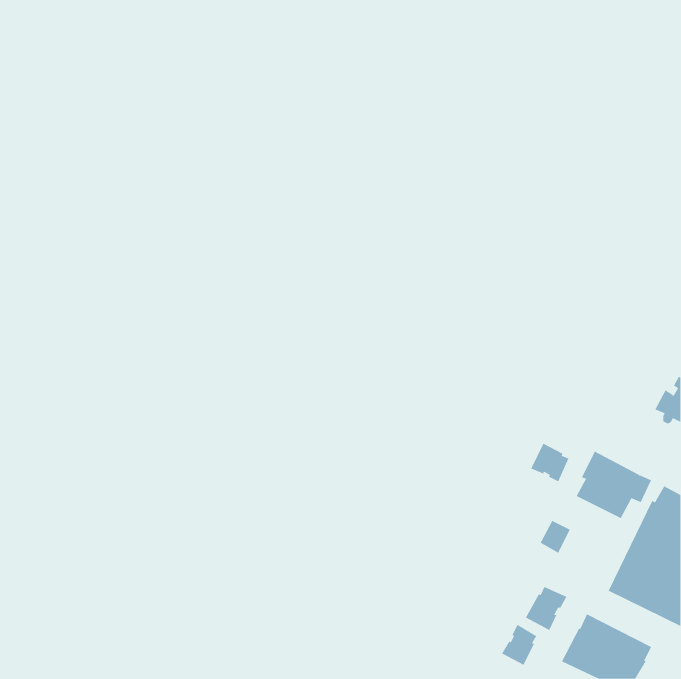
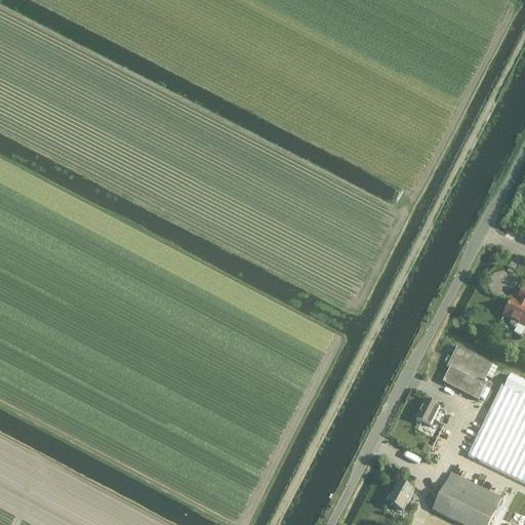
building: [530,443,569,482] -> none
building: [525,586,567,631] -> none

